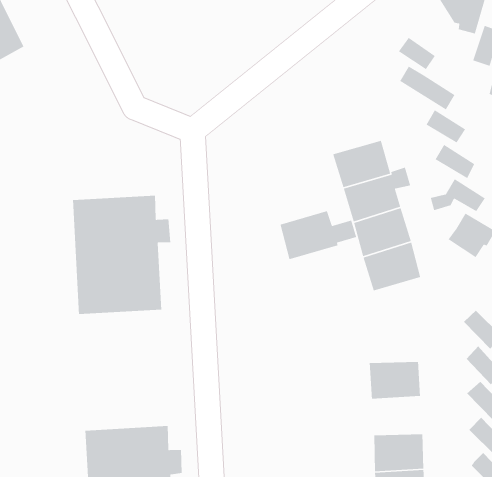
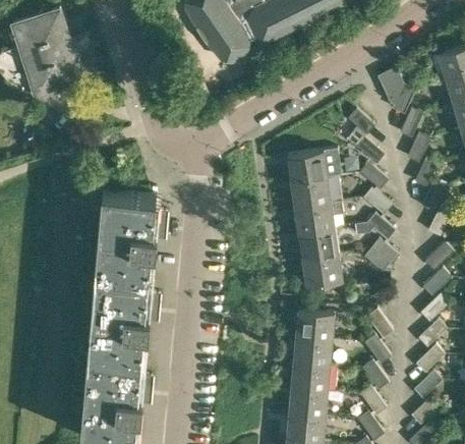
building: [279,210,357,260] -> [287,151,341,182]
building: none -> [86,271,161,358]
building: none -> [295,309,334,338]
building: none -> [291,360,329,390]

